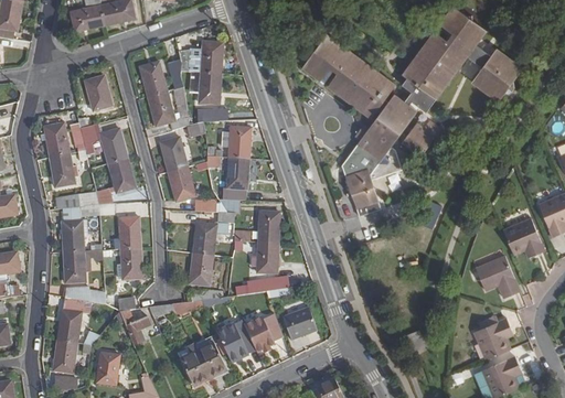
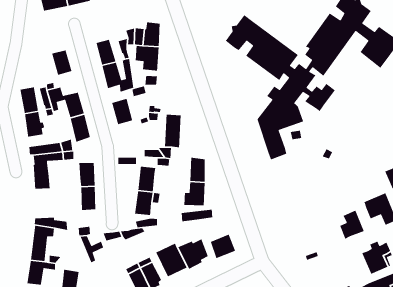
building: [221,128,250,159] -> none
building: [168,166,195,202] -> none
building: [64,250,103,282] -> none
building: none -> [339,210,365,240]

